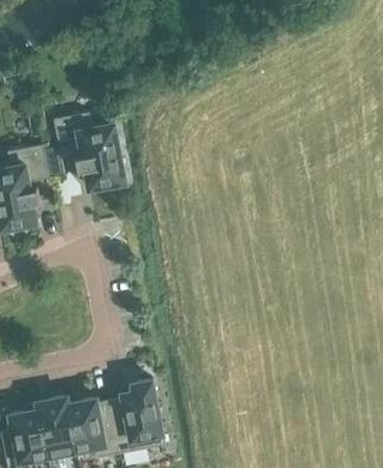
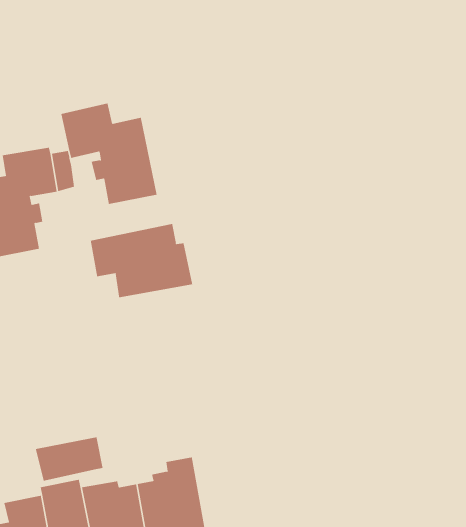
building: none -> [90,223,193,298]
building: none -> [35,436,103,481]

